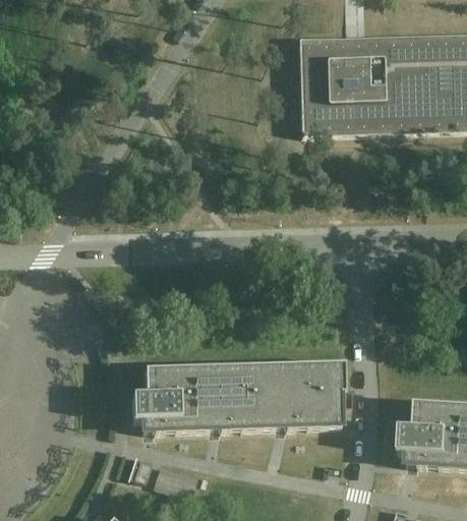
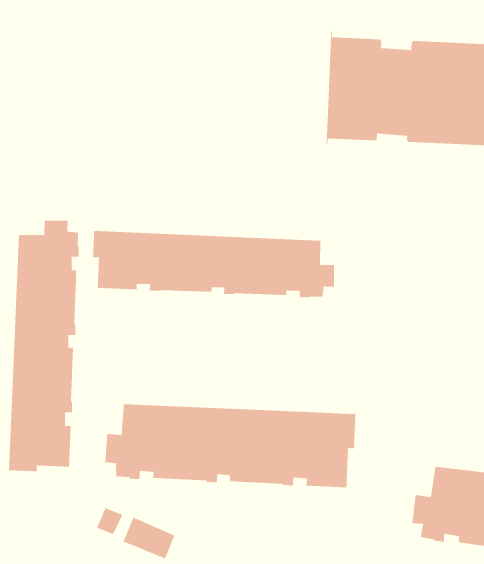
building: none -> [8,220,80,472]
building: none -> [92,230,335,298]

